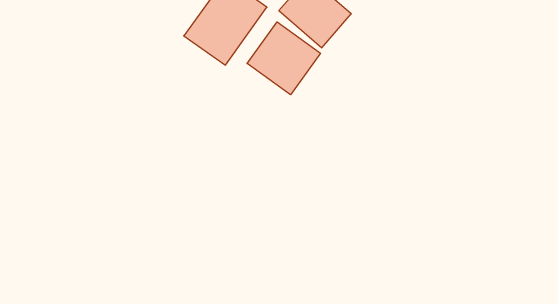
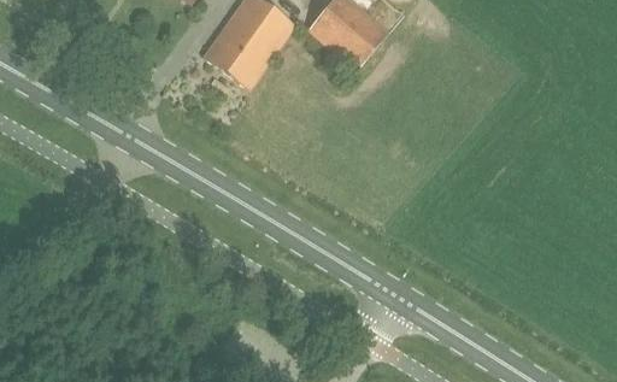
building: [247,22,320,95] -> none

